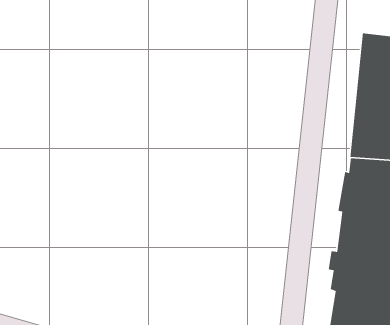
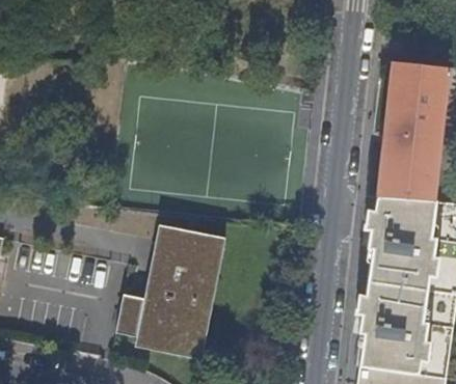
building: none -> [115,223,223,360]

